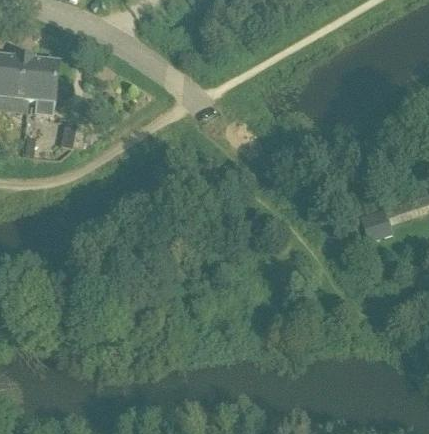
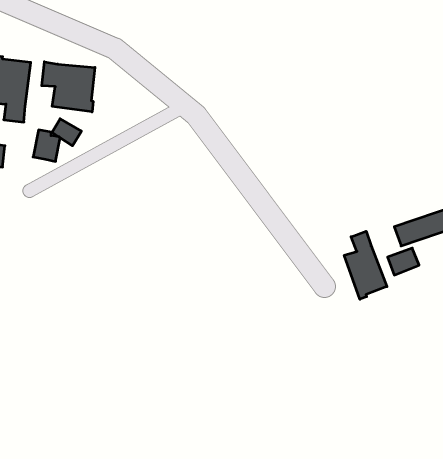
building: none -> [42,62,95,112]
building: none -> [344,231,387,299]

